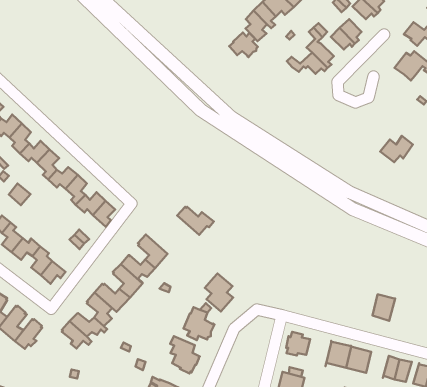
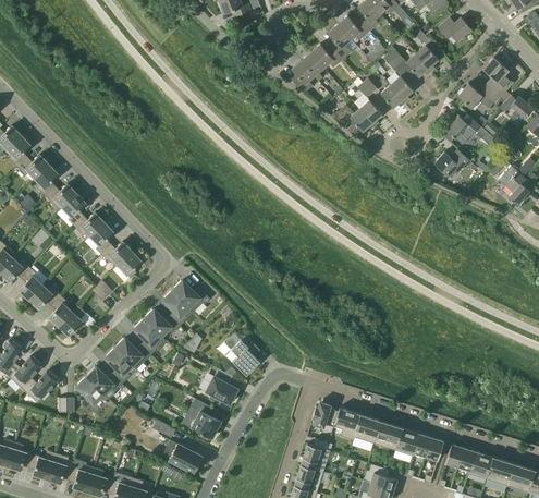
building: [229,32,258,57] -> none
building: [380,136,413,162] -> [433,149,468,177]
building: [177,207,214,235] -> [172,281,210,312]
building: [372,294,395,321] -> [395,428,420,457]
building: none -> [333,408,360,440]

